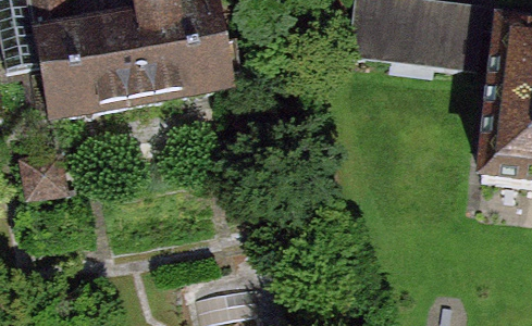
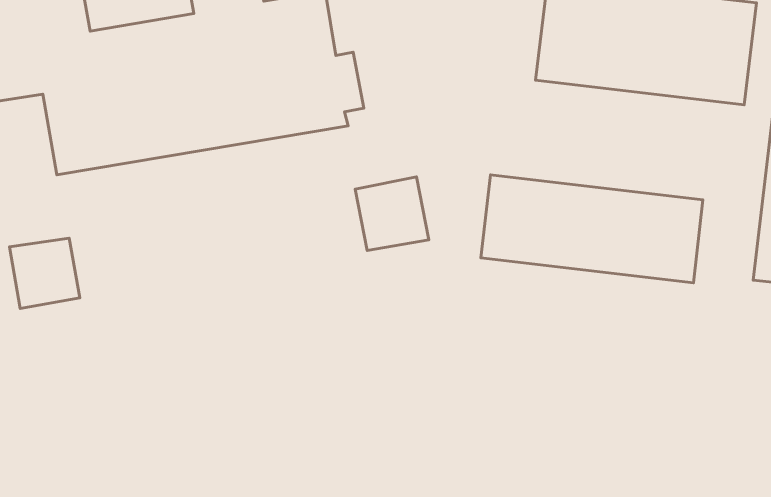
building: none -> [481,175,703,283]

